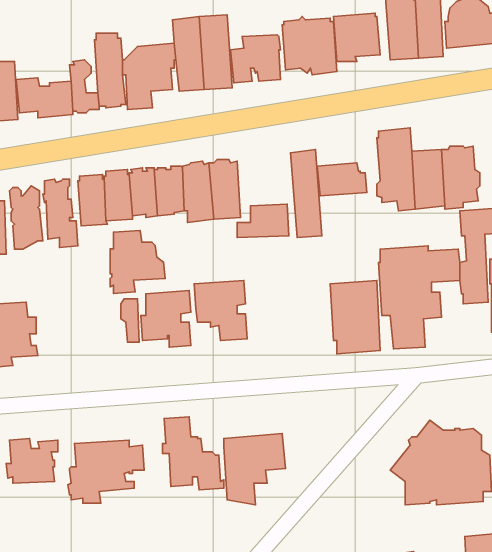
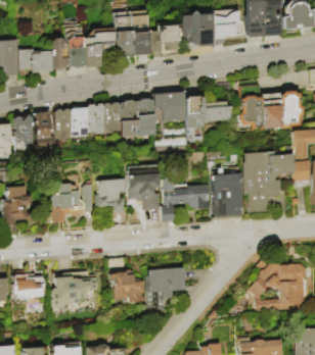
building: none -> [154,91,188,122]
building: [110,230,165,294] -> [51,184,85,222]
building: none -> [162,178,211,222]

